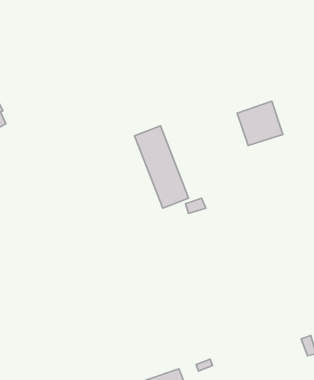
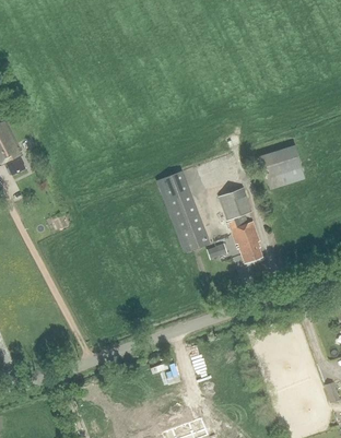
building: none -> [219,187,262,262]

